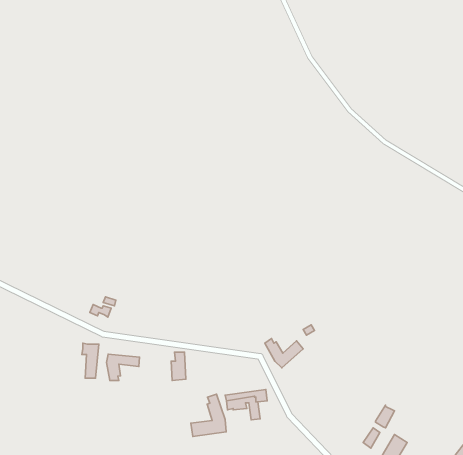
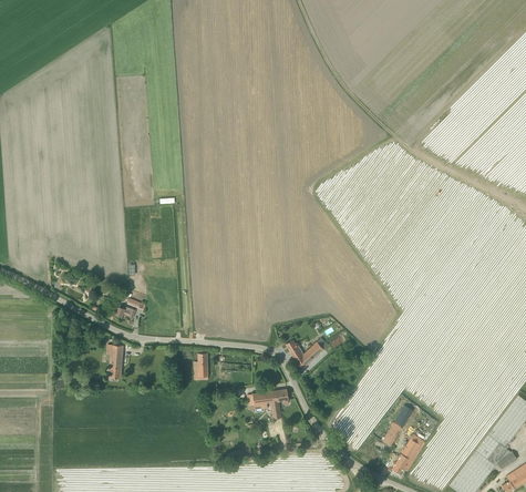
building: [107,354,140,381] -> none
building: [191,394,226,436] -> none

